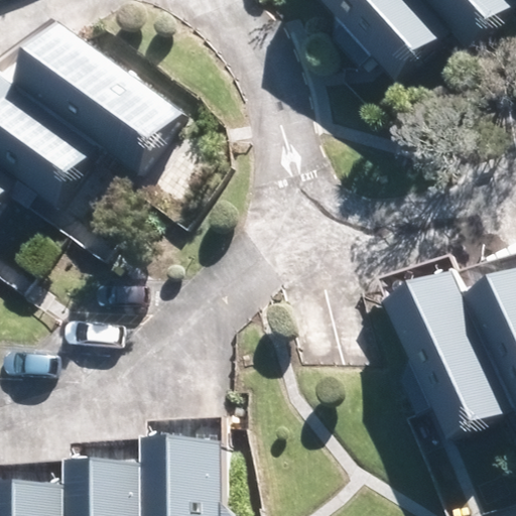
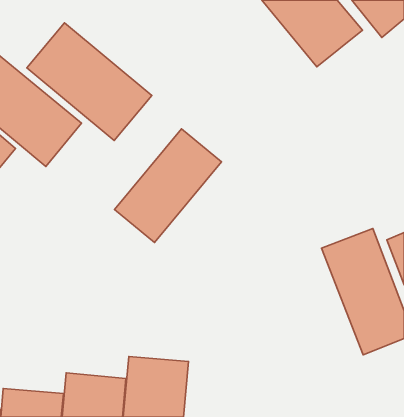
building: none -> [115,129,222,242]

